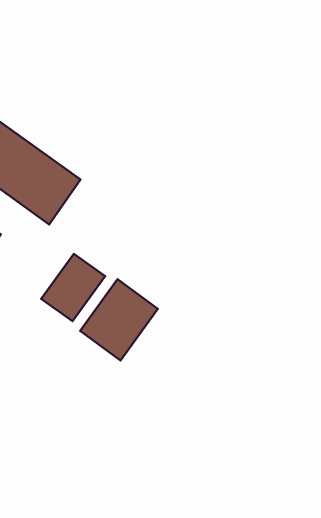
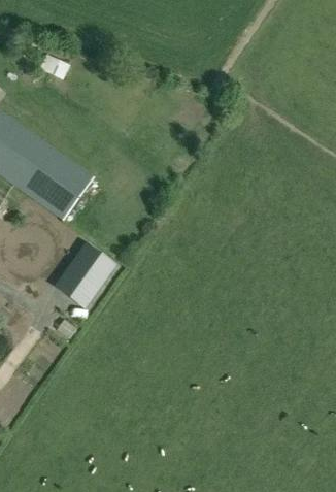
building: [80,279,158,360] -> none

